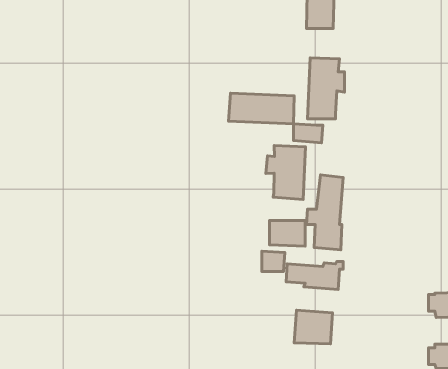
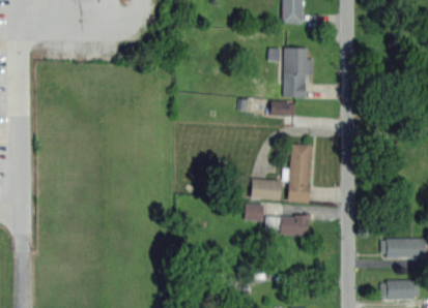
building: [229,93,294,124] -> none
building: [266,145,306,200] -> none
building: [294,310,333,344] -> none

